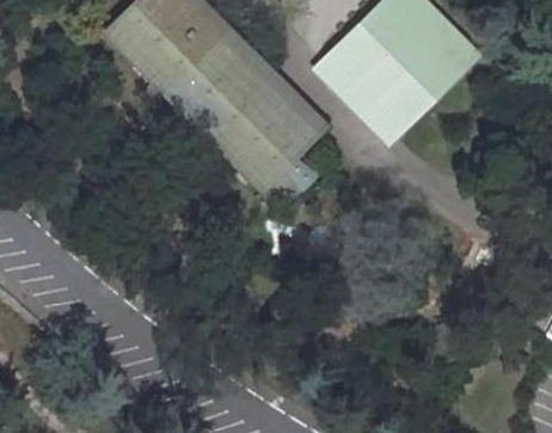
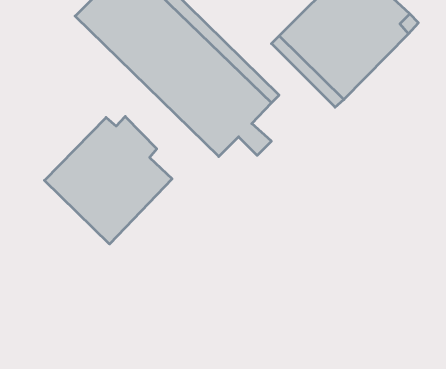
building: none -> [44,116,172,244]

